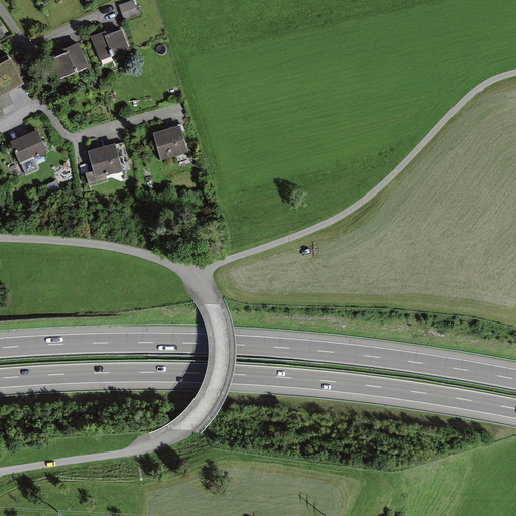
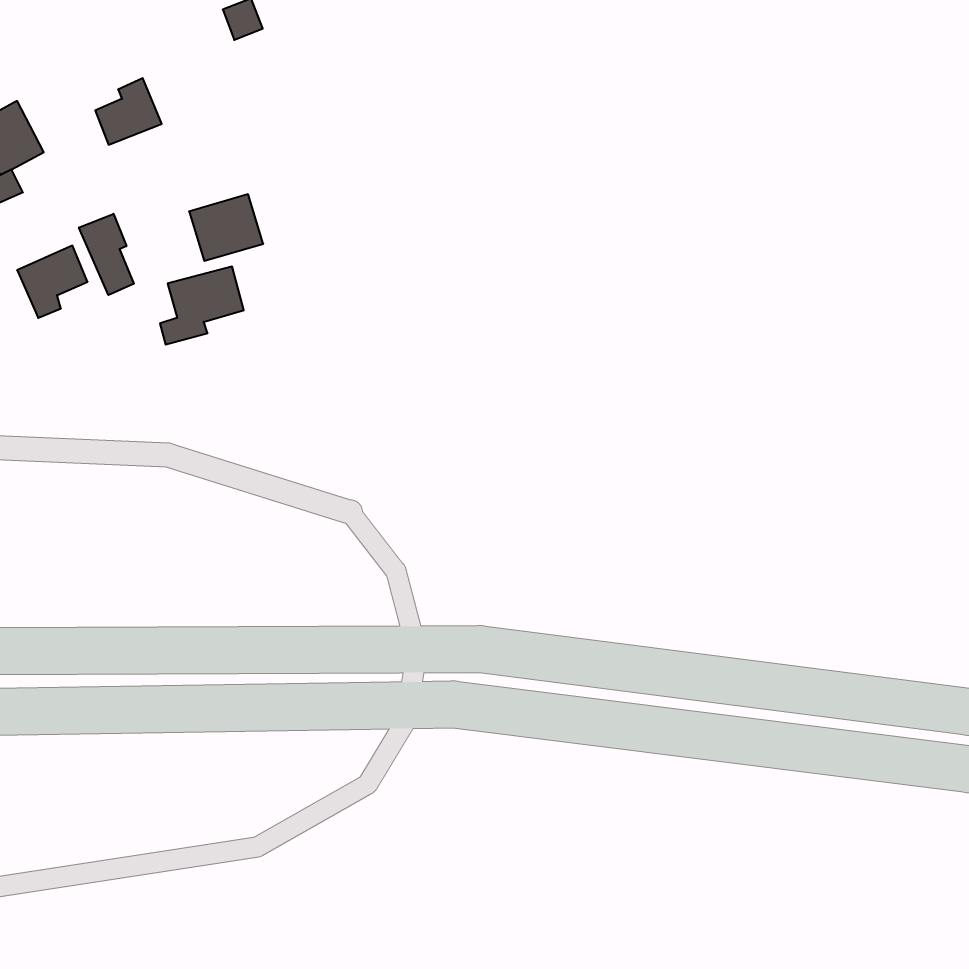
building: [91,30,128,60] -> none
building: none -> [79,214,134,295]
building: [151,123,190,158] -> [189,194,263,261]

